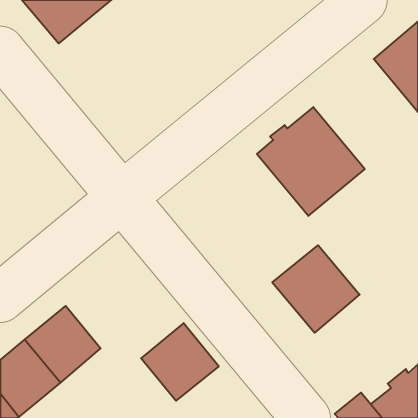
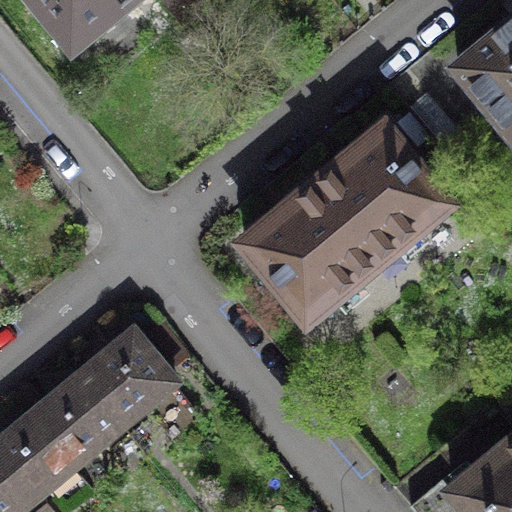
building: none -> [243,188,377,323]
building: [272,245,360,333] -> none
building: [141,323,219,401] -> [80,331,175,426]

